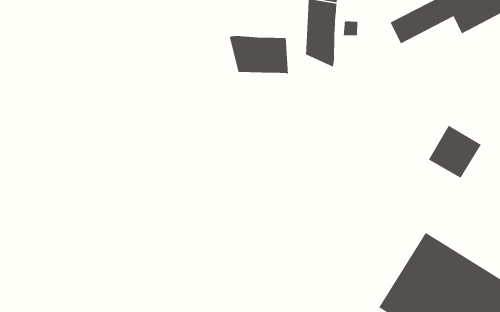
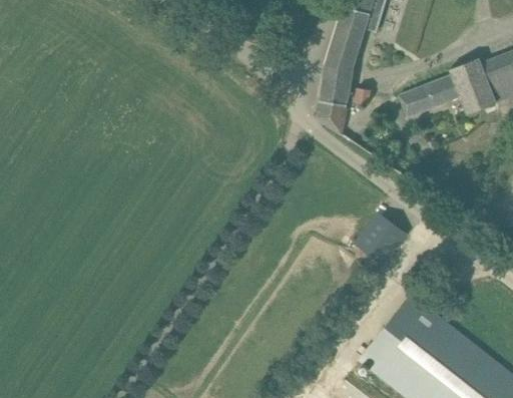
building: [229,35,289,75] -> none
building: [428,124,482,179] -> [355,213,407,265]

